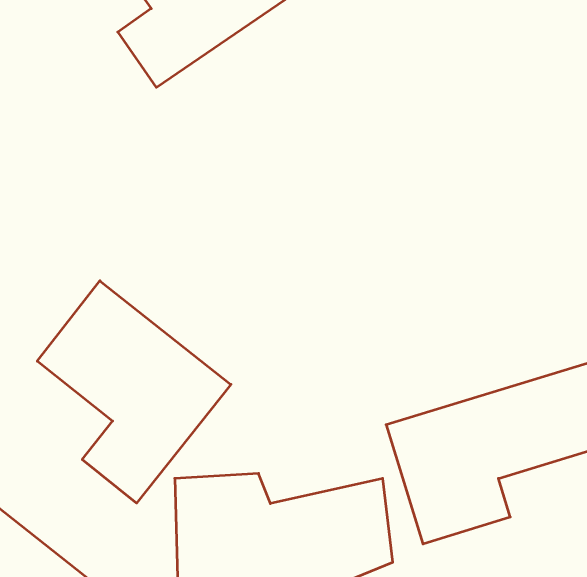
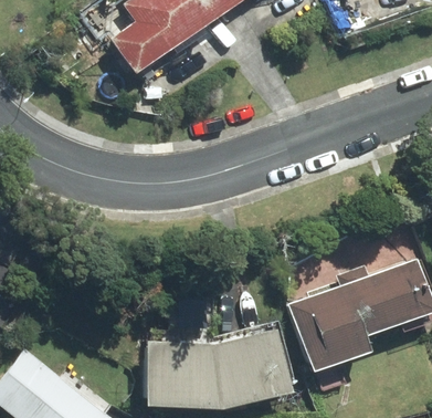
building: [37,281,231,503] -> none

